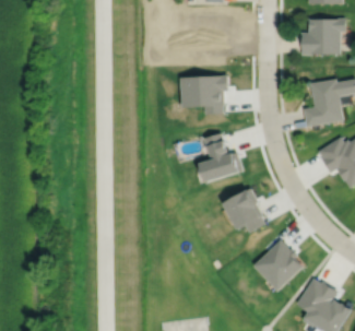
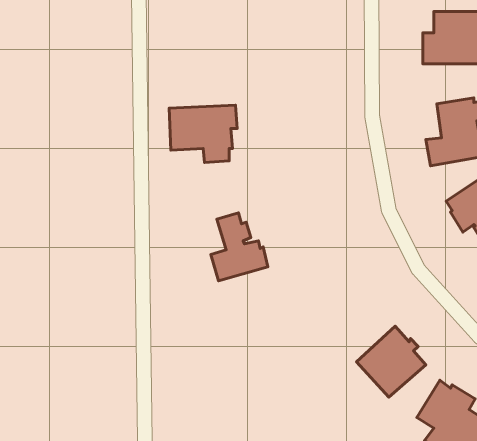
building: [180,73,228,114] -> [169,105,237,162]
building: [200,132,240,180] -> [211,213,268,281]
building: [224,187,264,232] -> none

